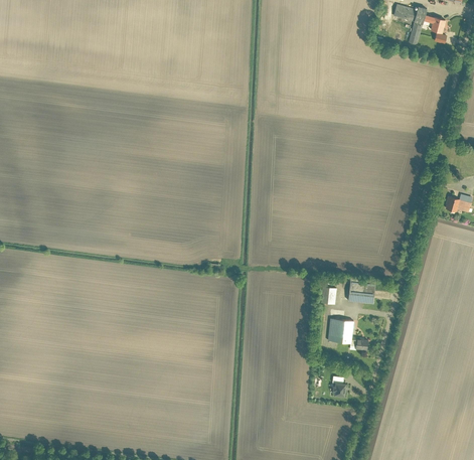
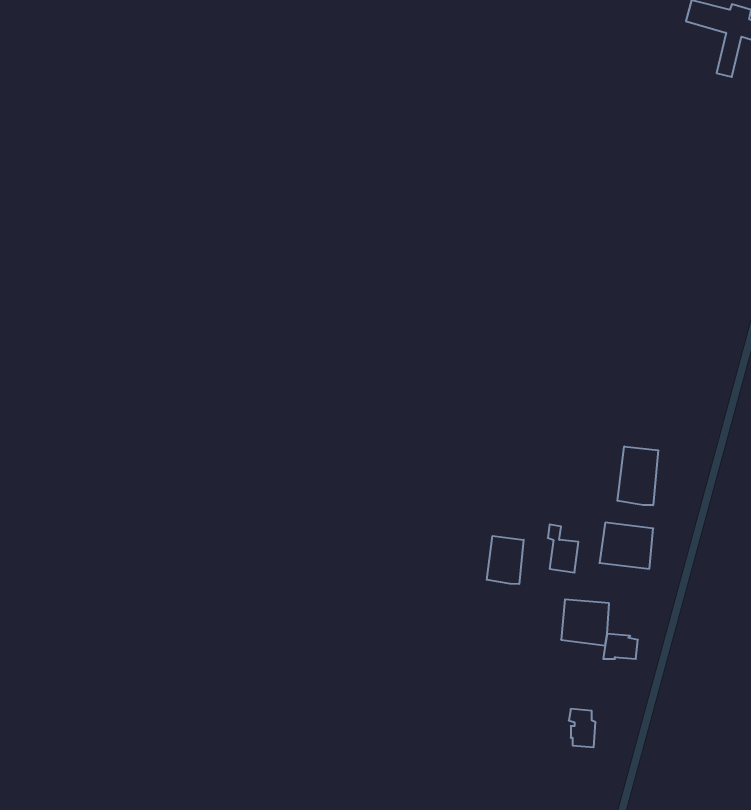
building: none -> [618,446,658,505]
building: none -> [487,536,524,584]

